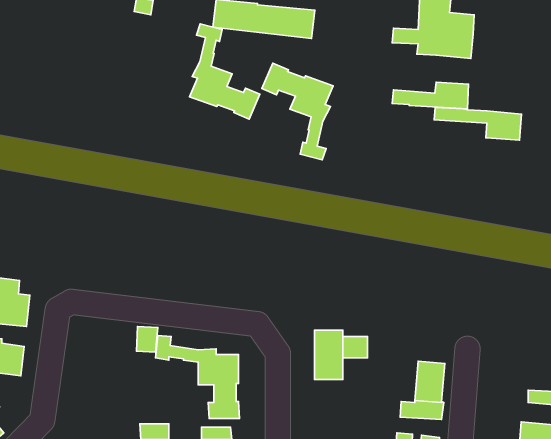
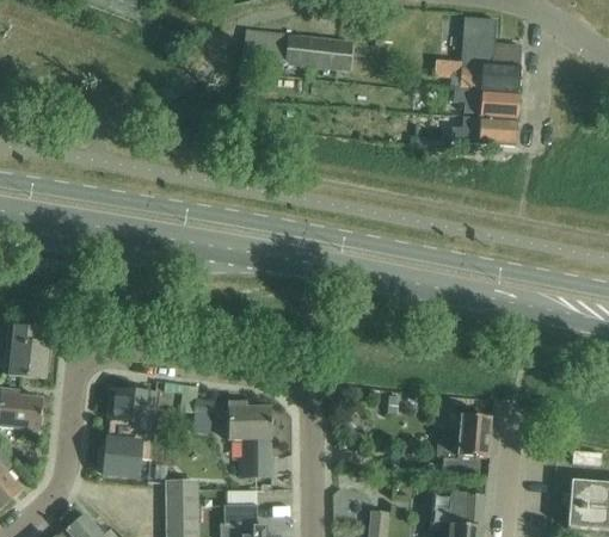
building: [190,24,260,119] -> none
building: [262,63,333,160] -> none
building: [434,108,522,140] -> [424,85,517,119]
building: [314,330,343,380] -> none
building: none -> [104,390,156,476]

